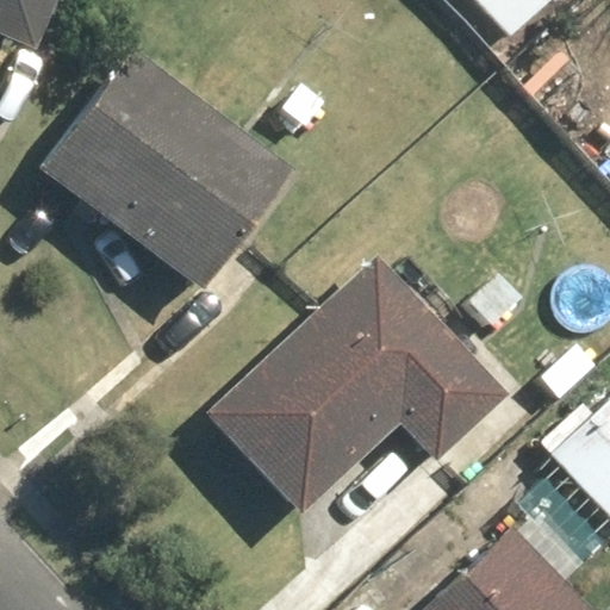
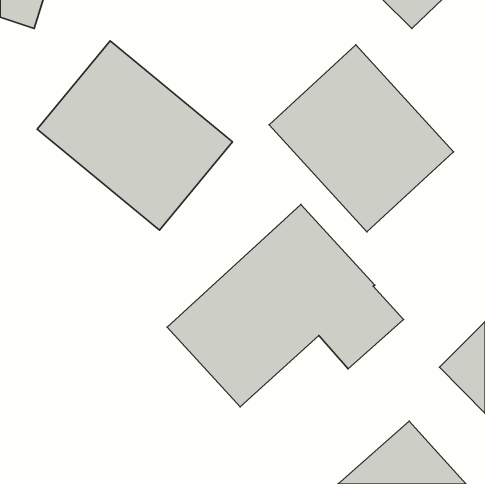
building: none -> [269,45,453,232]

